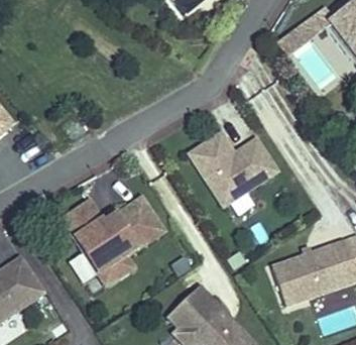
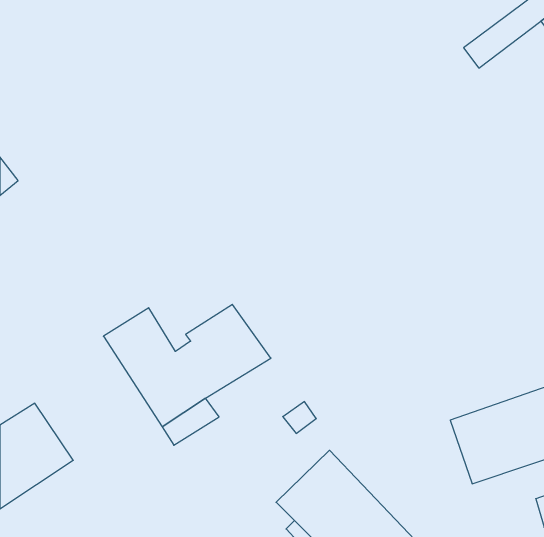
building: [190,131,277,205] -> none

